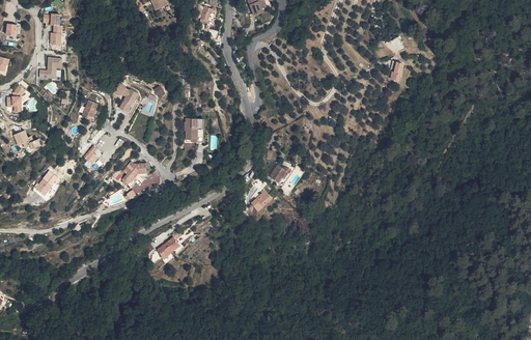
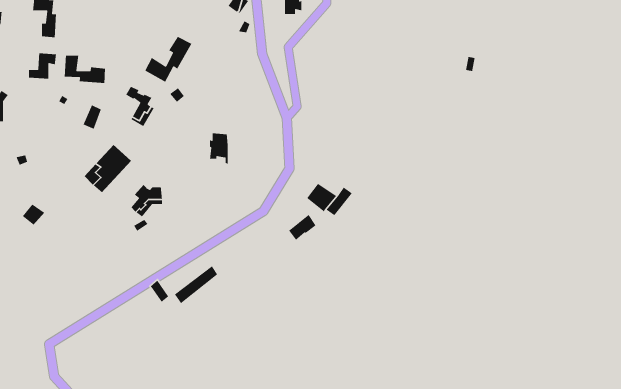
building: none -> [144,36,192,83]
building: none -> [64,55,106,84]

